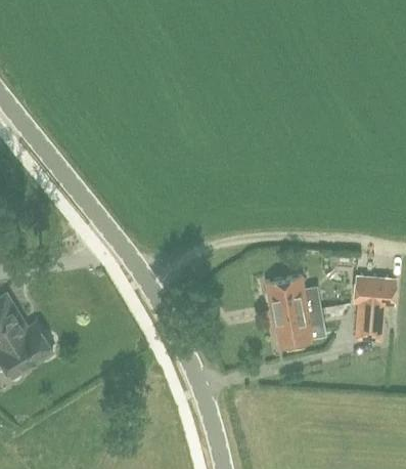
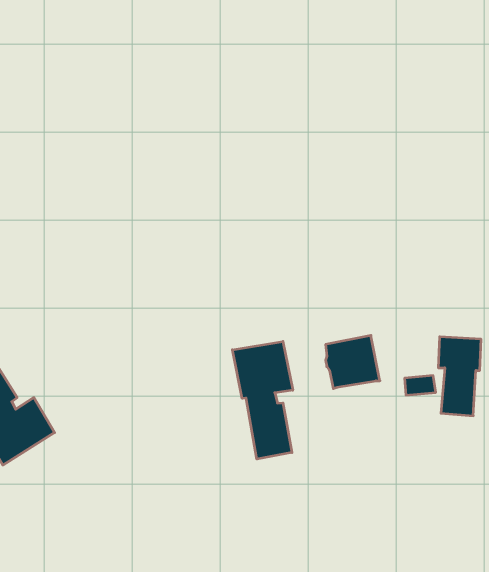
building: none -> [232,341,293,459]
building: [275,310,314,346] -> none

